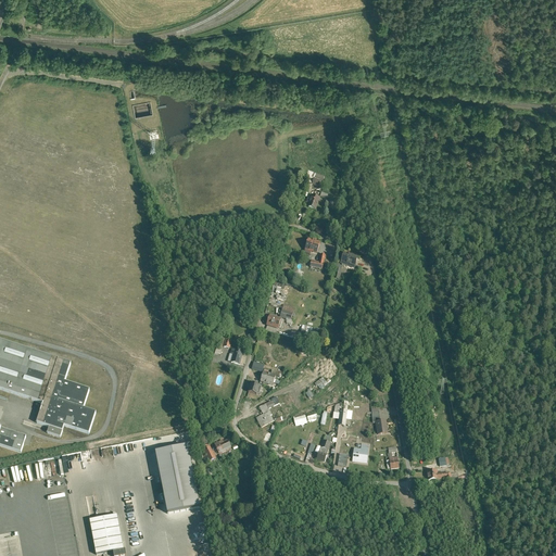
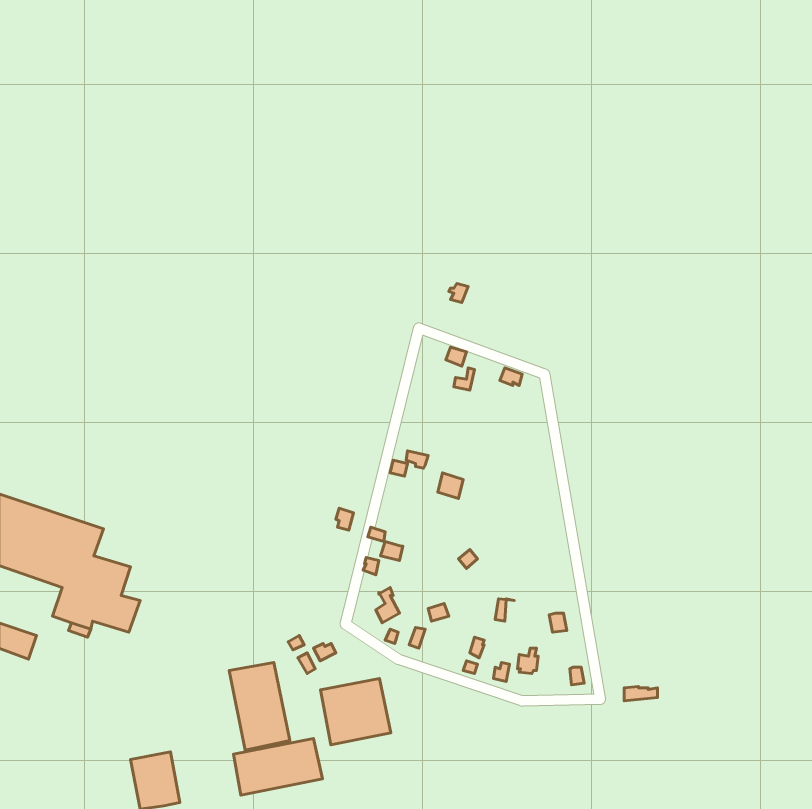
building: none -> [320,679,391,745]
building: none -> [233,739,323,795]

